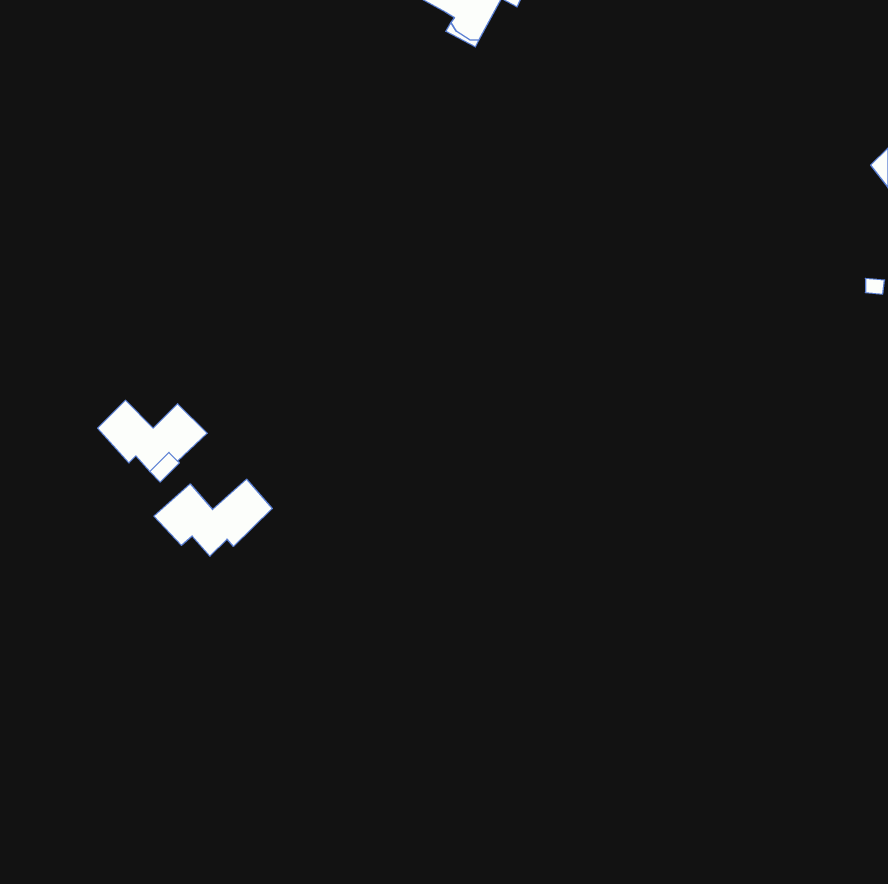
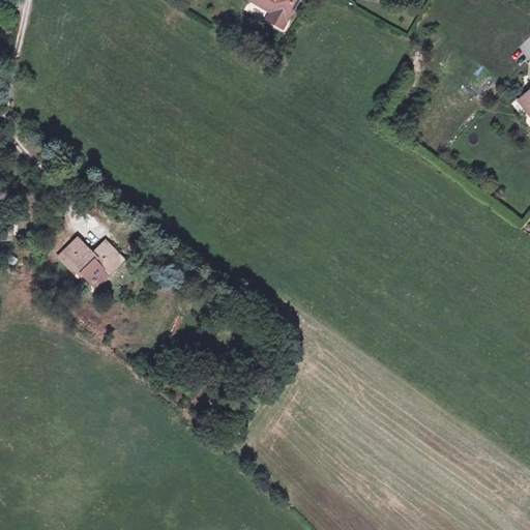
building: [154,479,272,556] -> none

